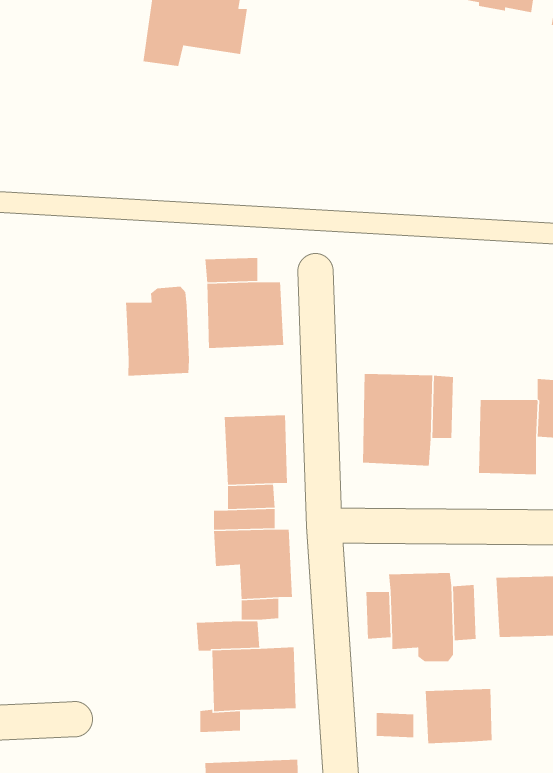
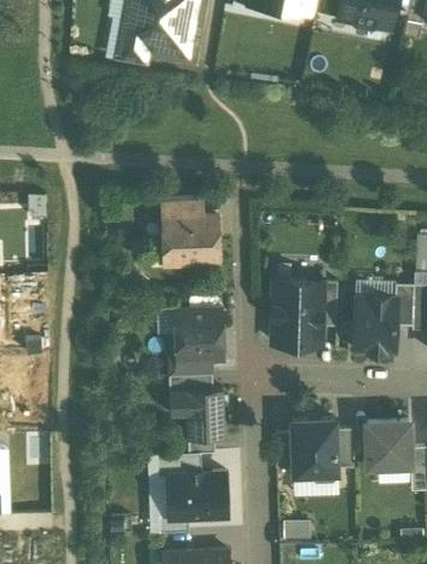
building: [125,286,190,377] -> none
building: [425,688,492,744] -> none

